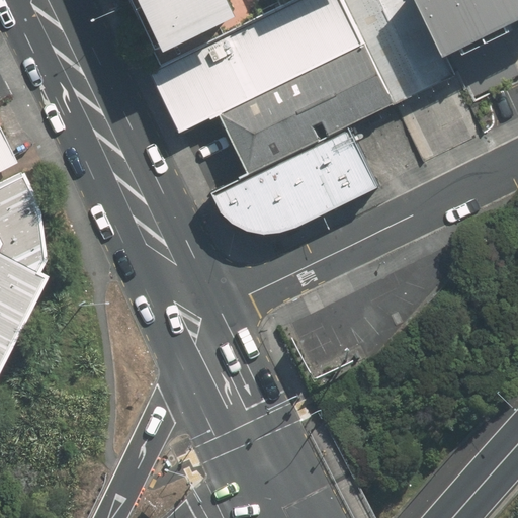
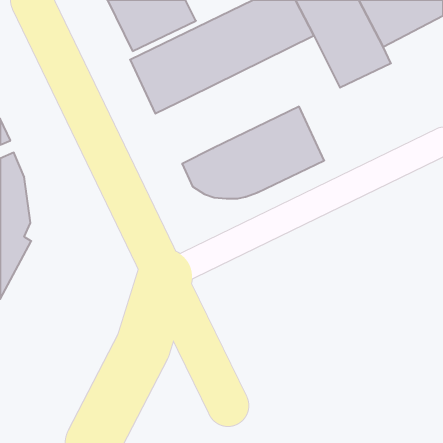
building: [221,41,397,173] -> none

